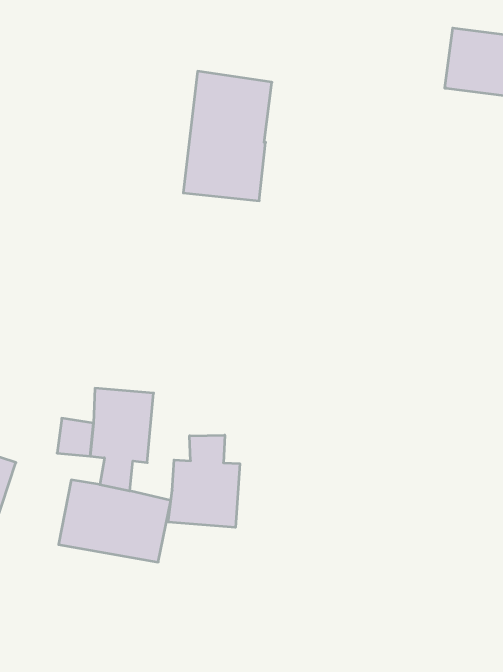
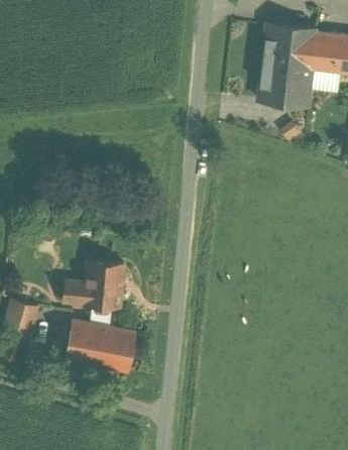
building: [183,71,272,201] -> [258,23,315,106]
building: [168,435,240,527] -> none

